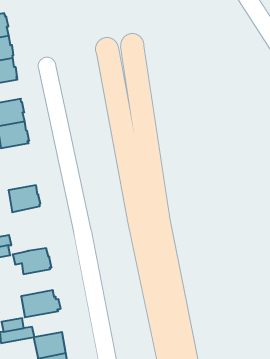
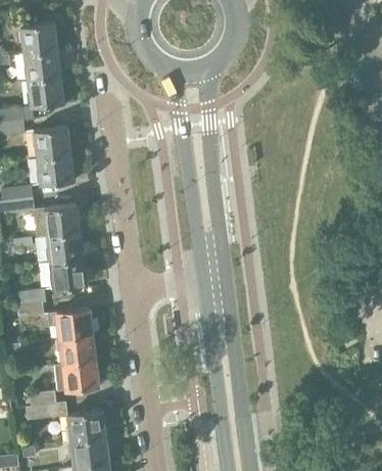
building: none -> [43,206,80,237]
building: none -> [49,258,87,290]
building: none -> [58,335,96,365]

